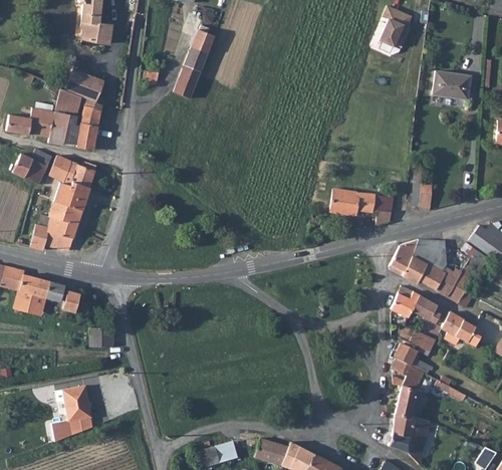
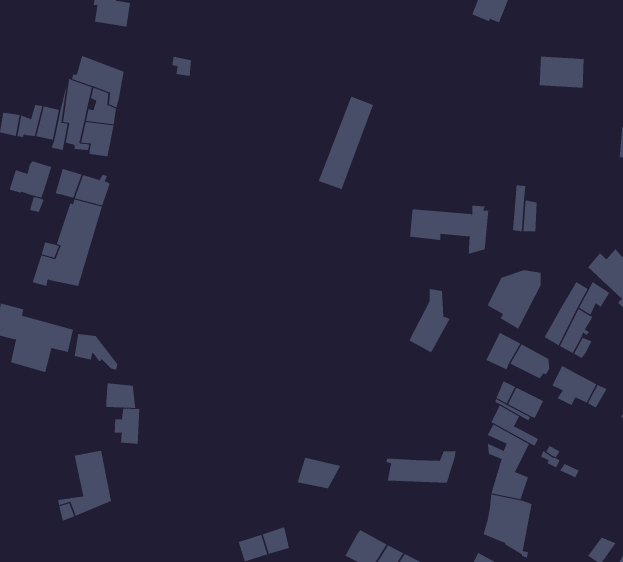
building: [172,29,216,103] -> [318,96,374,190]
building: [419,240,452,291] -> [408,288,450,353]
building: none -> [114,408,140,445]
building: none -> [386,451,456,483]
building: [254,439,289,464] -> [297,457,341,489]

